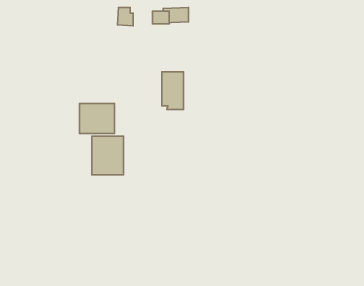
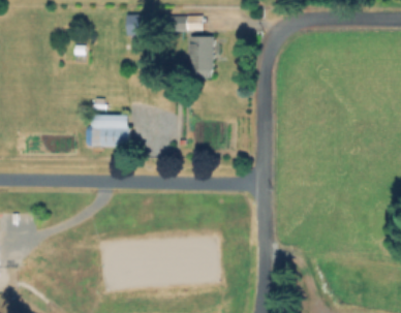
building: [162,72,183,110] -> [191,35,214,75]
building: [92,136,124,175] -> none

